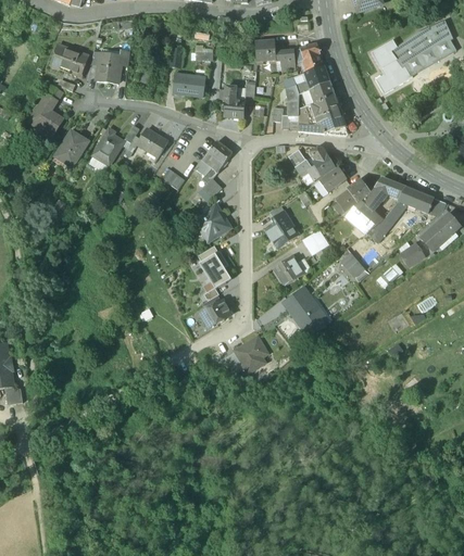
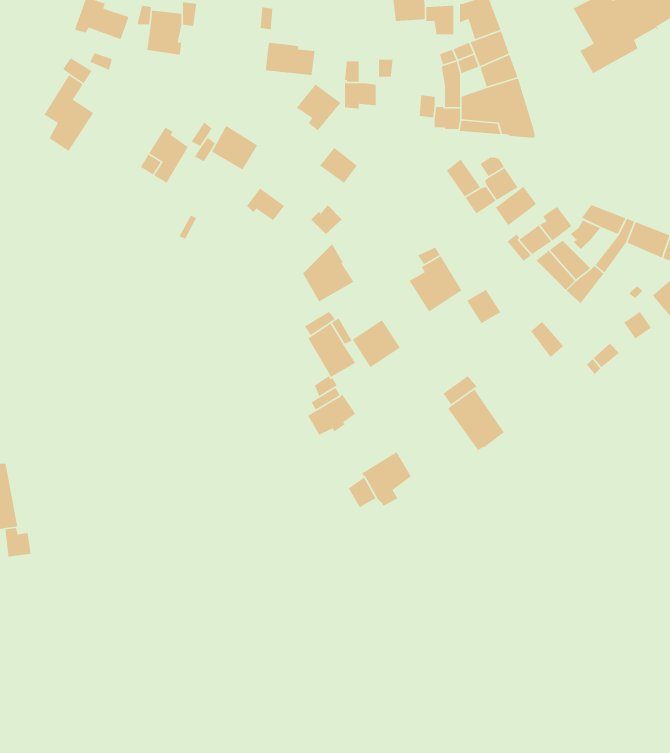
building: [55,129,89,166] -> none
building: [195,151,224,182] -> [296,83,341,132]
building: [273,254,304,286] -> [352,319,401,368]

